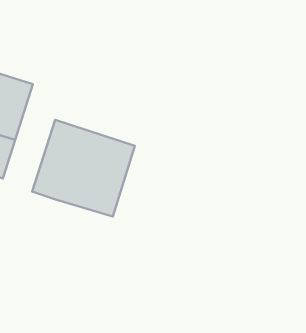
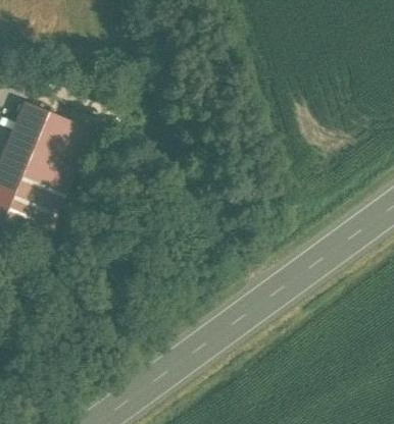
building: [32,120,135,216] -> none

